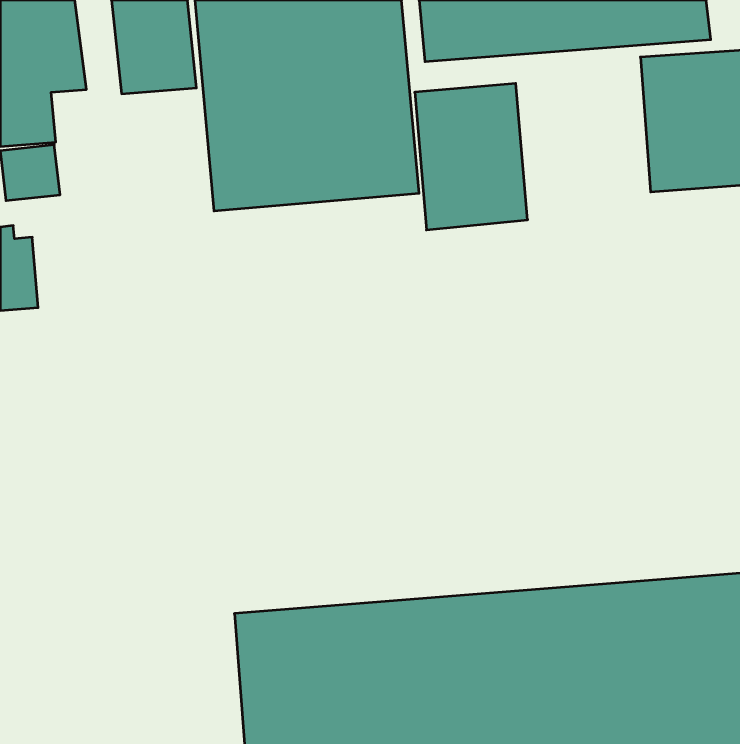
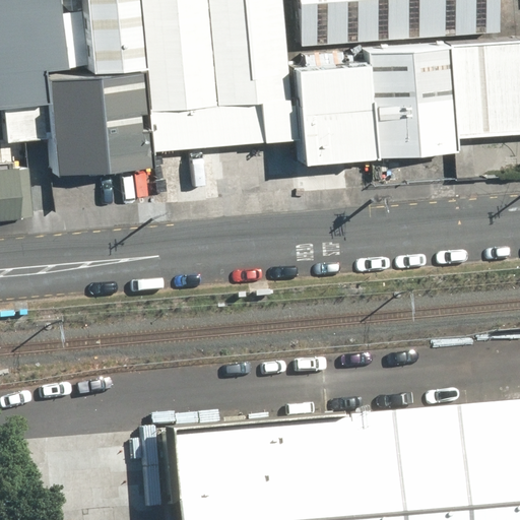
building: none -> [367,45,456,157]
building: none -> [47,69,152,175]

